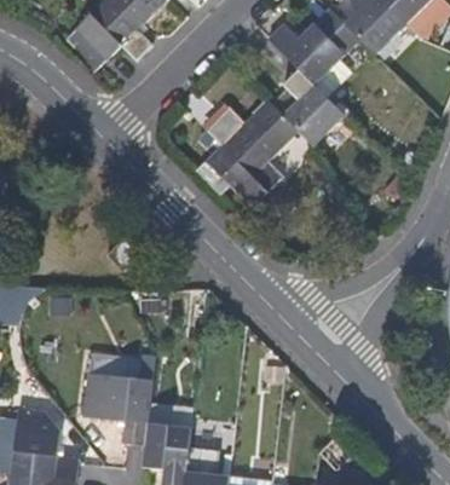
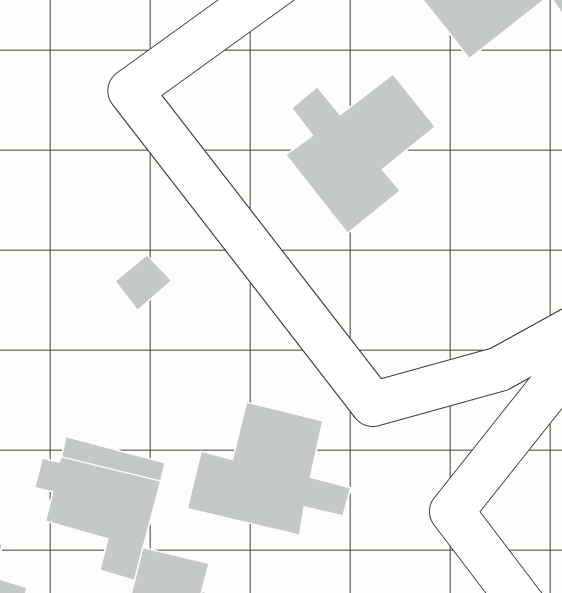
building: [269,69,344,145] -> none
building: none -> [187,402,351,535]

